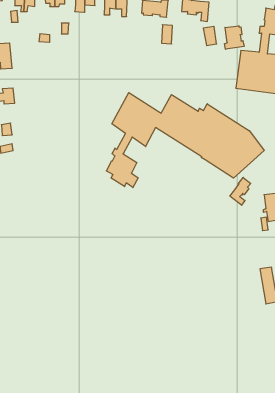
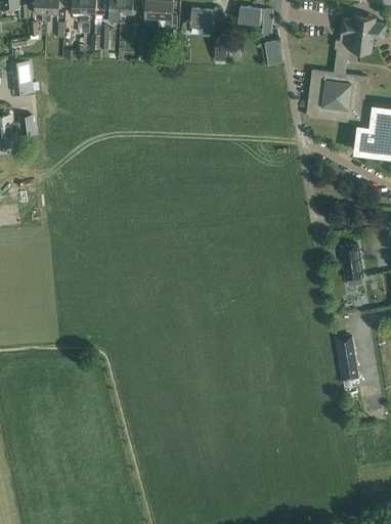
building: [225,26,244,49] -> none
building: [106,93,264,188] -> none
building: [230,177,251,205] -> none

